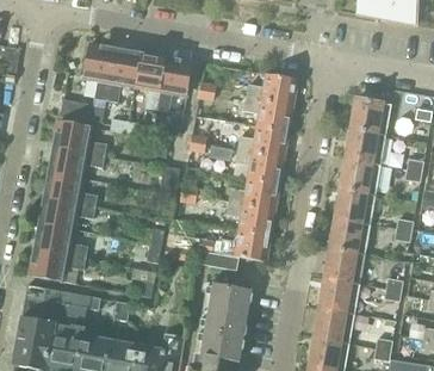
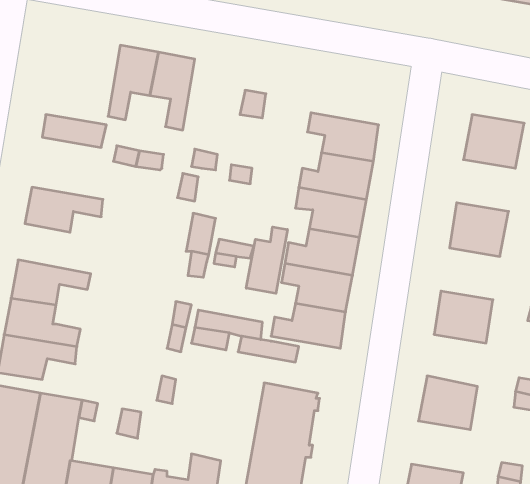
building: [83,44,114,98] -> none
building: [157,58,193,109] -> none
building: [246,72,297,104] -> none
building: [54,119,105,155] -> none
building: [346,128,386,163] -> none
building: [44,172,97,206] -> none
building: none -> [246,227,287,293]
building: [335,188,376,224] -> none
building: [326,248,366,284] -> none
building: [315,308,355,344] -> none

